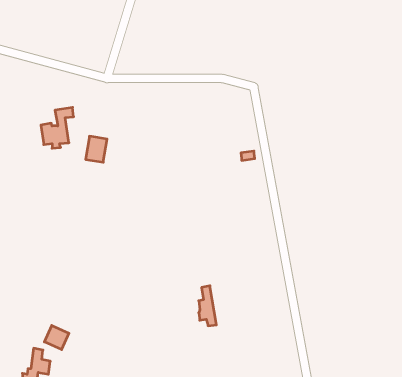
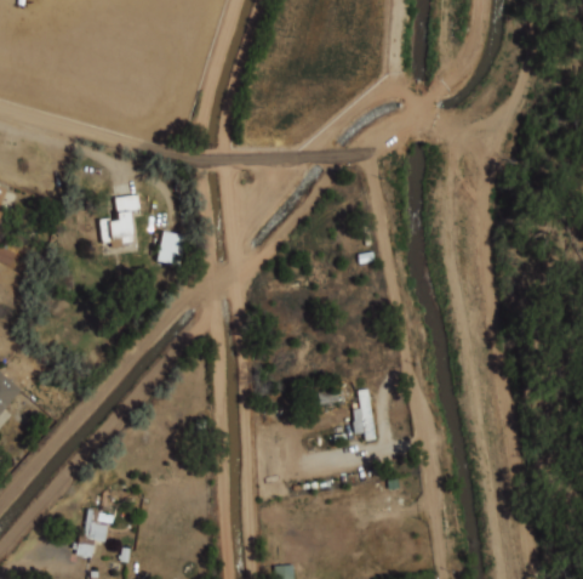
building: [199,286,216,326] -> [353,388,376,441]
building: [44,325,69,350] -> none

